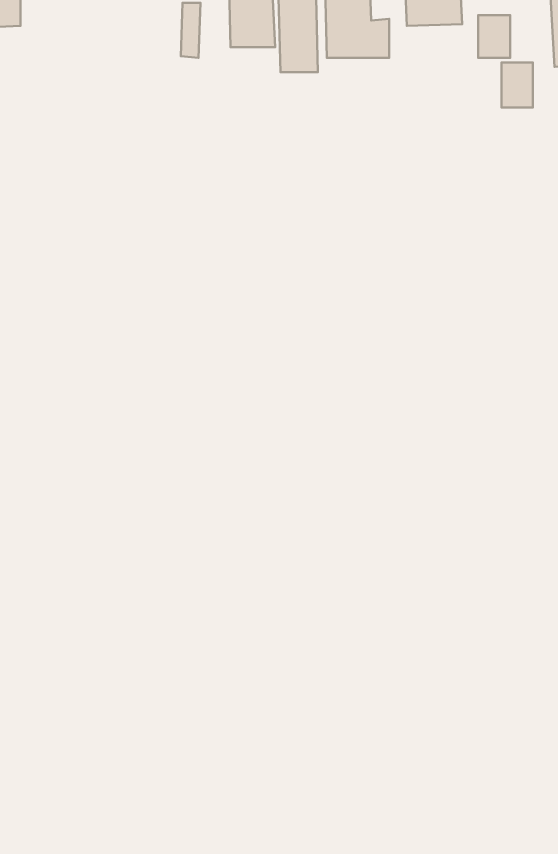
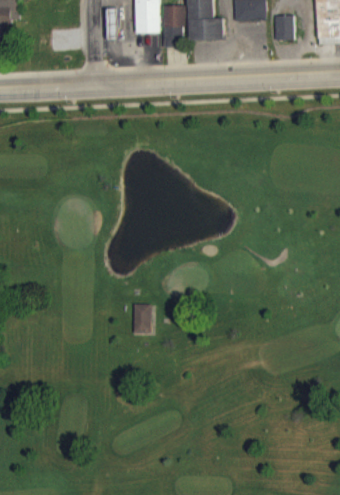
building: [501,62,533,107] -> none
building: none -> [133,303,153,333]

